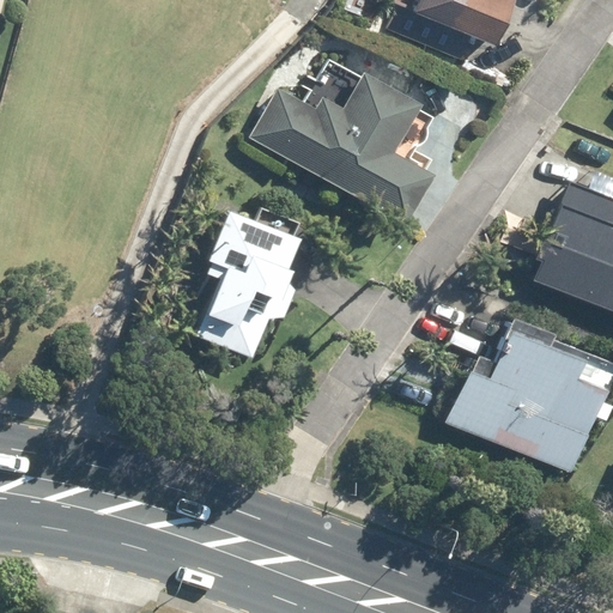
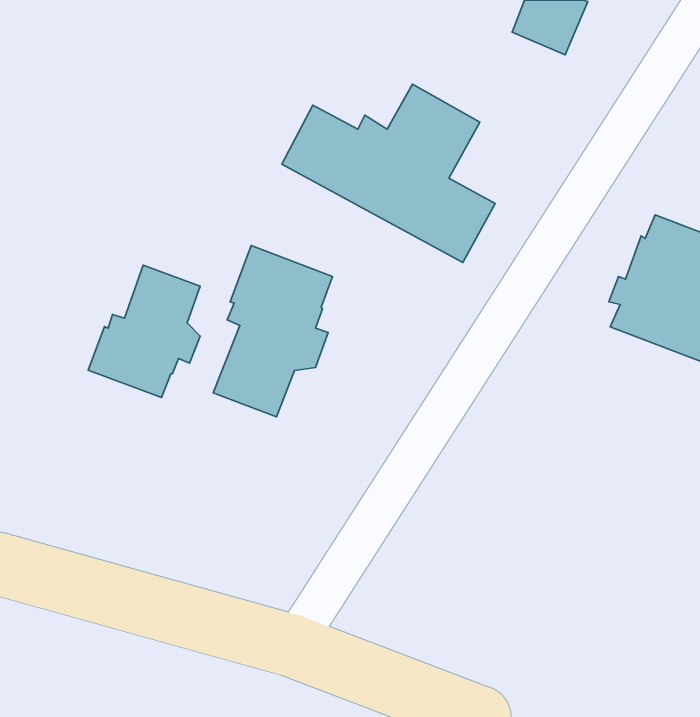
building: none -> [88,265,200,398]
building: [448,326,601,472] -> none

